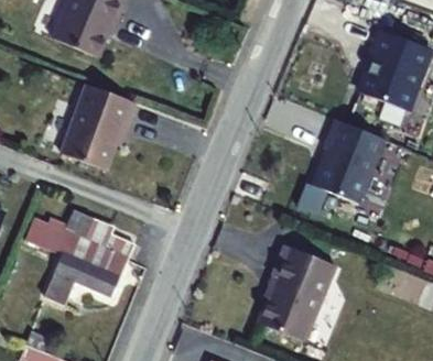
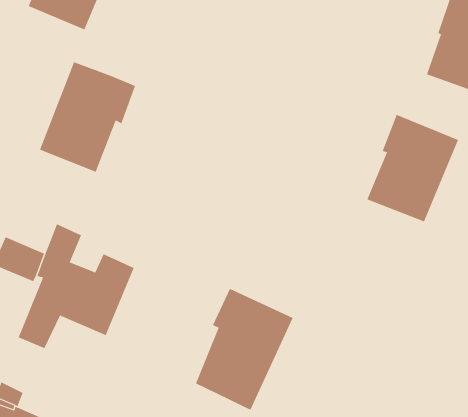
building: [269,245,345,340] -> [195,288,293,410]

